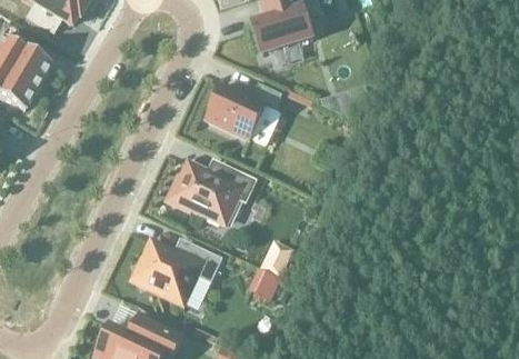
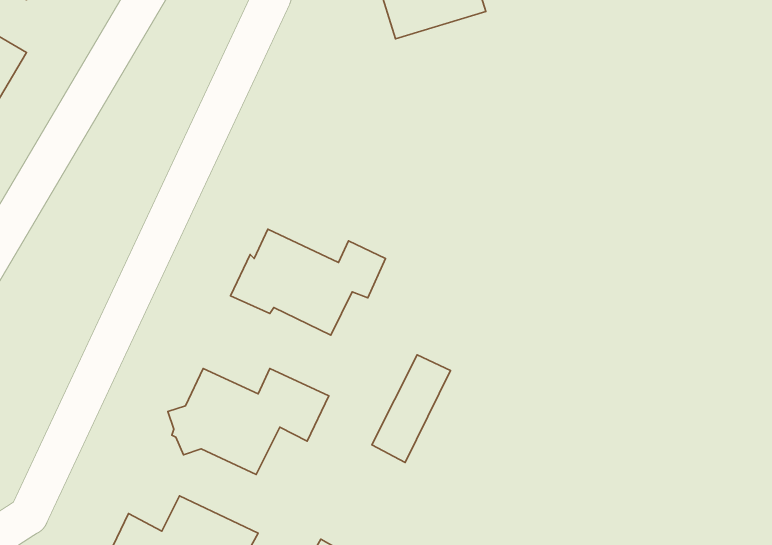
building: [207,81,283,138] -> none

